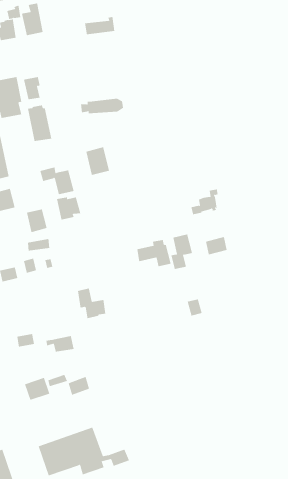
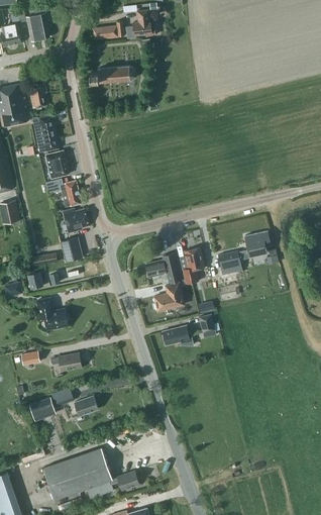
building: none -> [126,11,157,39]
building: [80,98,124,114] -> [91,66,136,82]
building: [86,147,110,176] -> [44,149,70,180]
building: [191,189,219,215] -> [238,232,268,260]
building: [26,209,47,233] -> [61,237,83,263]
building: none -> [153,283,184,311]
building: [77,288,106,319] -> [37,298,68,330]
building: none -> [163,326,193,345]

